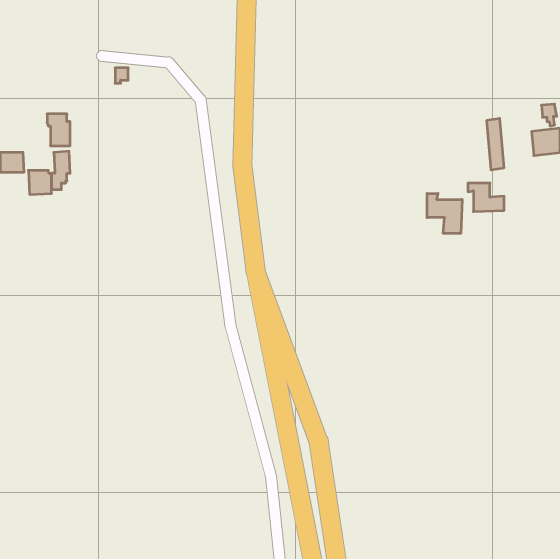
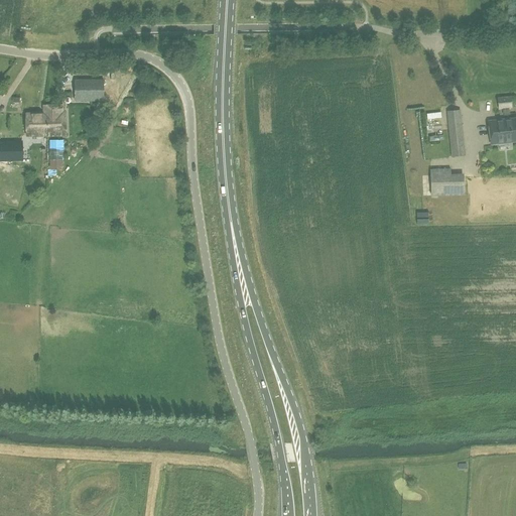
building: none -> [75,79,103,100]
building: [28,170,52,194] -> [25,113,46,135]
building: [427,193,462,233] -> none

